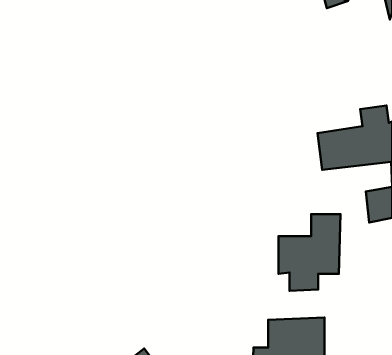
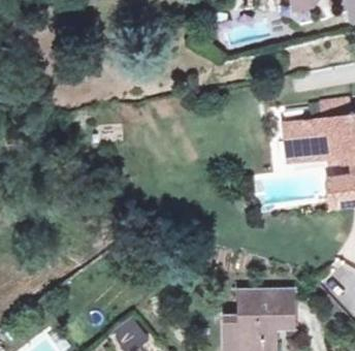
building: [278,214,341,291] -> none

